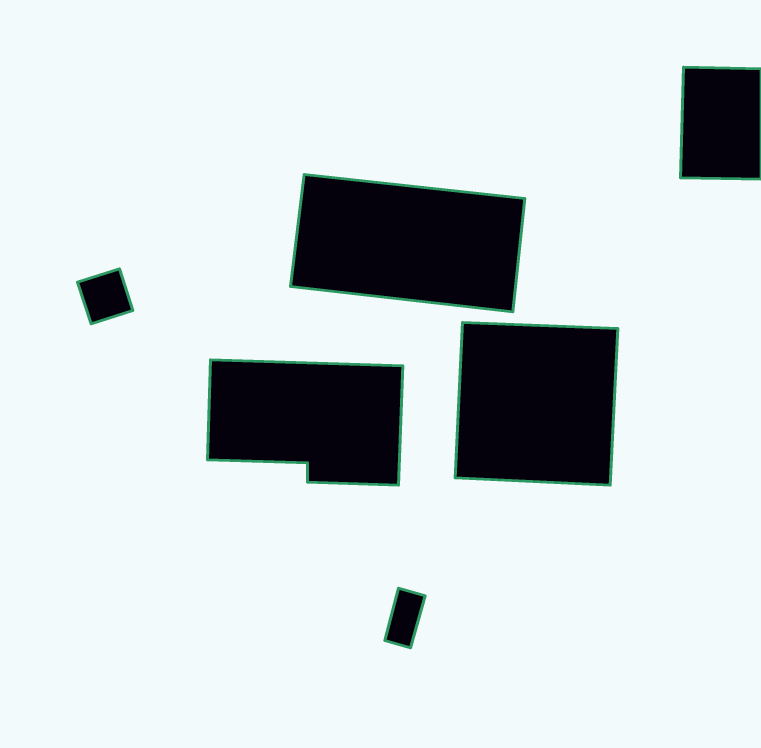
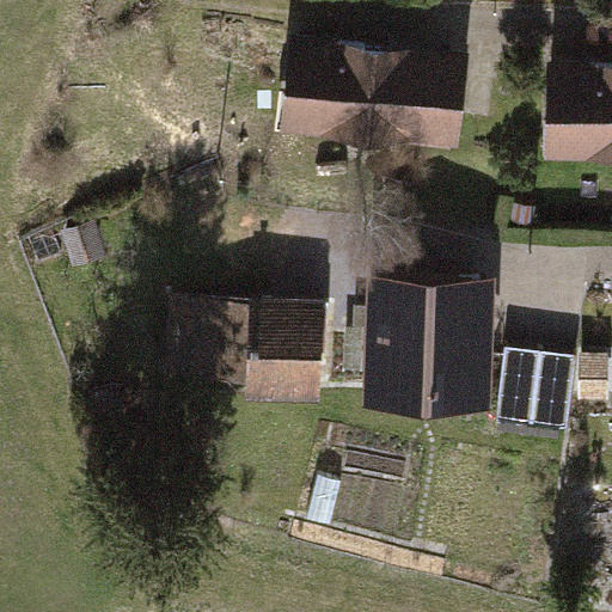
building: [291,175,525,312] -> [281,37,469,147]
building: none -> [497,353,576,432]

